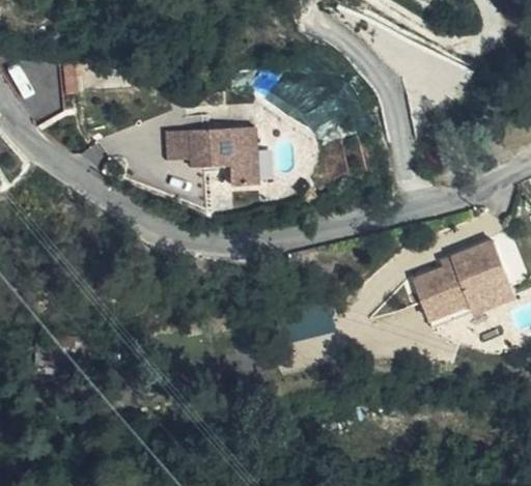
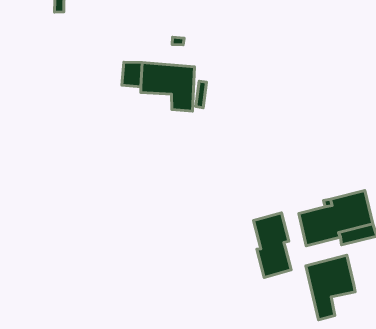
building: none -> [254,213,291,278]
building: none -> [306,255,355,320]

